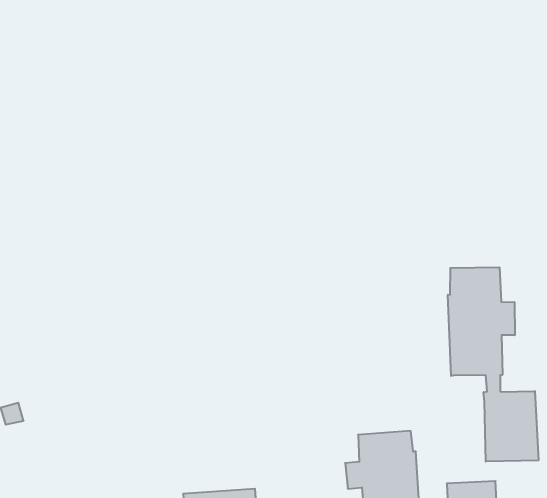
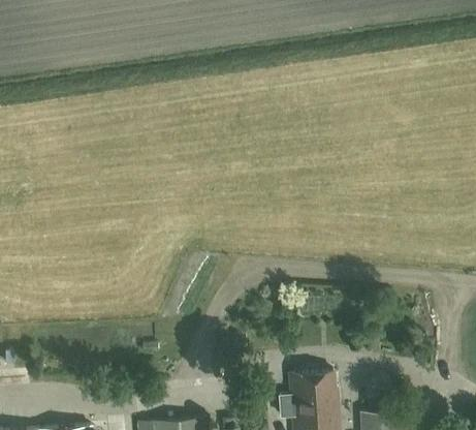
building: [448,267,538,462] -> none

